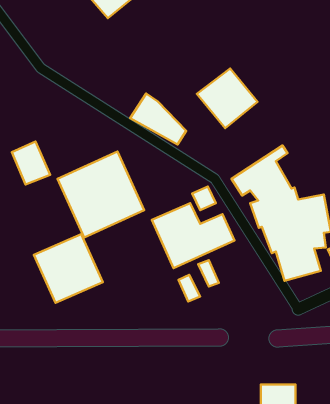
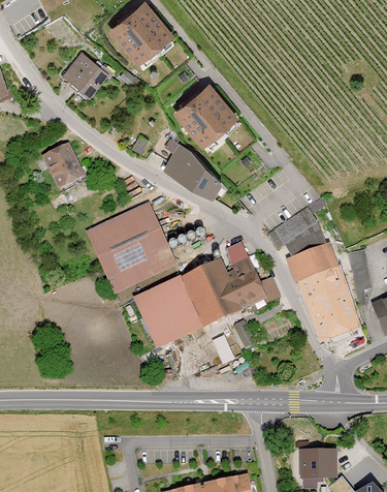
building: none -> [61,51,108,97]
building: [197,69,258,128] -> [173,83,237,146]
building: [12,141,50,185] -> [42,143,83,188]
building: [34,234,103,303] -> [135,276,207,348]

